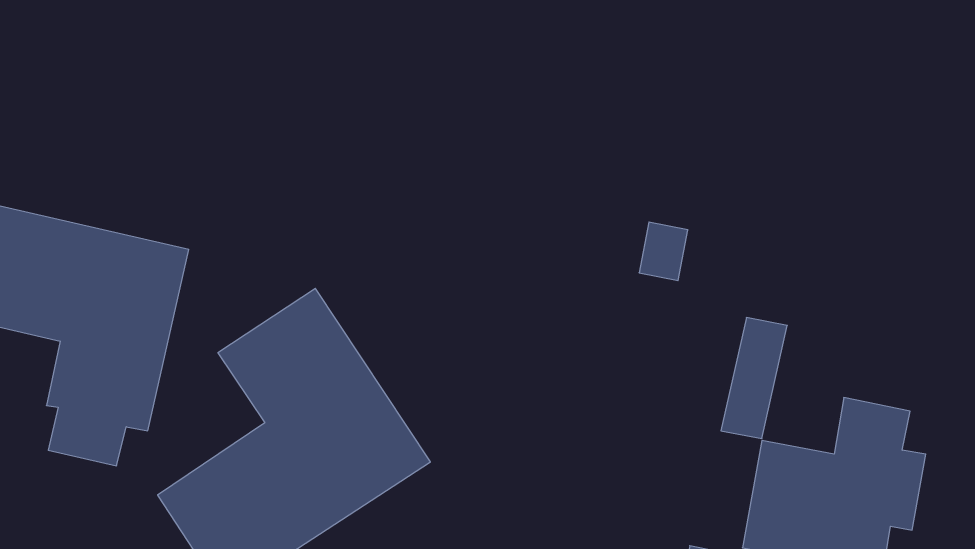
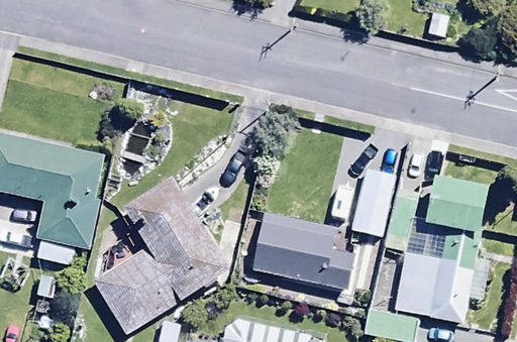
building: none -> [351,167,396,239]
building: none -> [425,174,488,230]
building: none -> [250,217,356,290]

